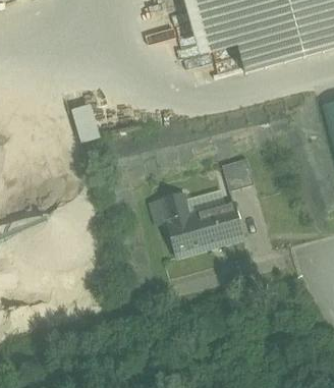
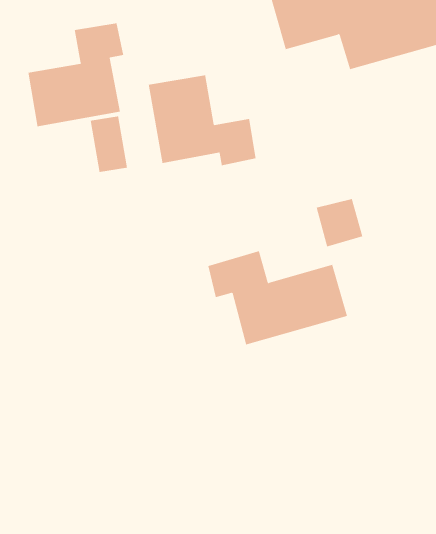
building: none -> [28,22,124,127]
building: none -> [148,74,256,166]

